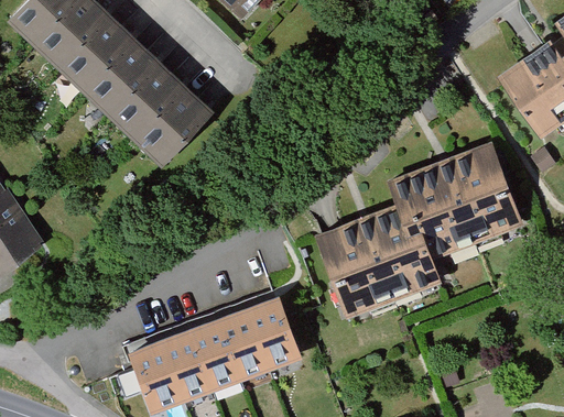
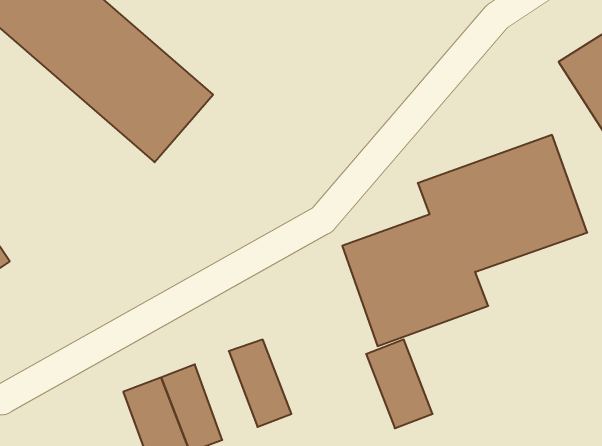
building: [251,298,307,373] -> [366,340,433,428]
building: [194,320,247,395] -> none

